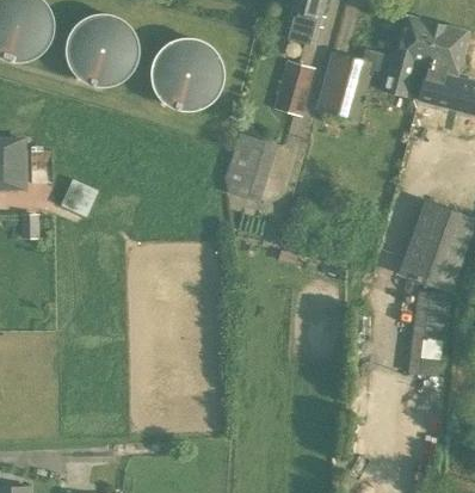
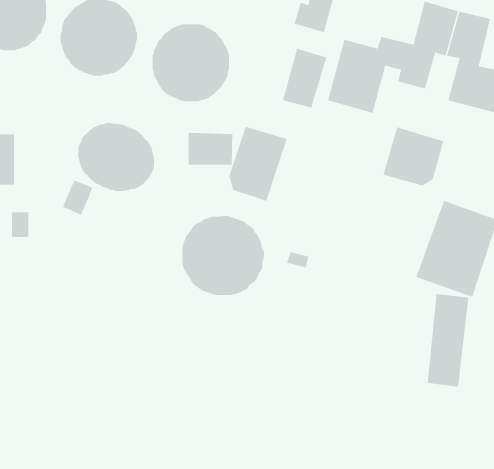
building: none -> [77,122,155,192]
building: none -> [383,127,444,186]
building: none -> [188,132,233,166]
building: none -> [182,215,265,296]

